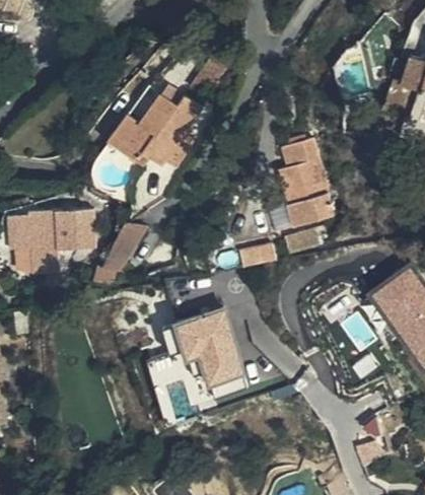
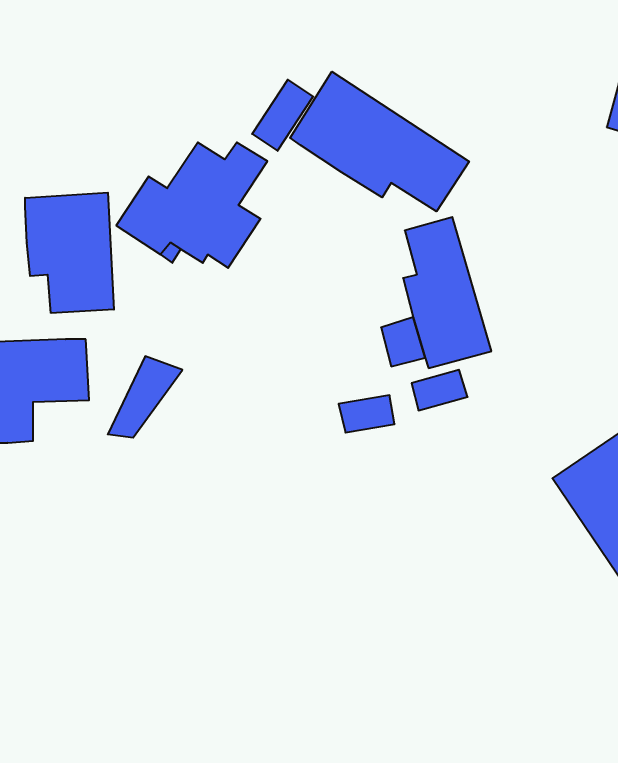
building: none -> [290,72,469,211]
building: none -> [25,193,114,313]
building: [172,304,246,386] -> none

